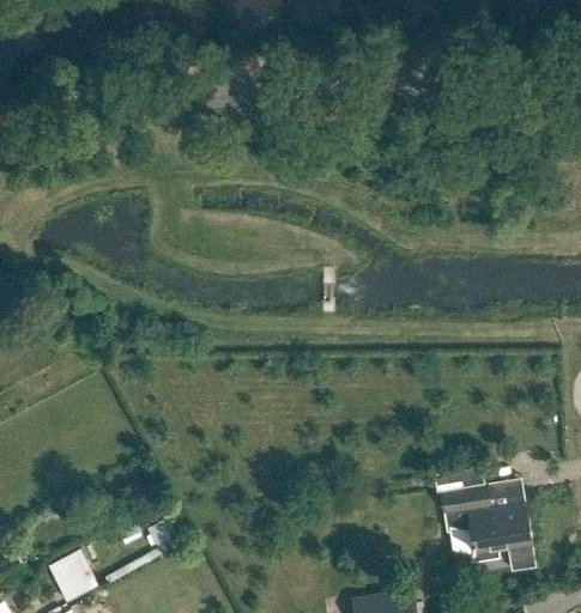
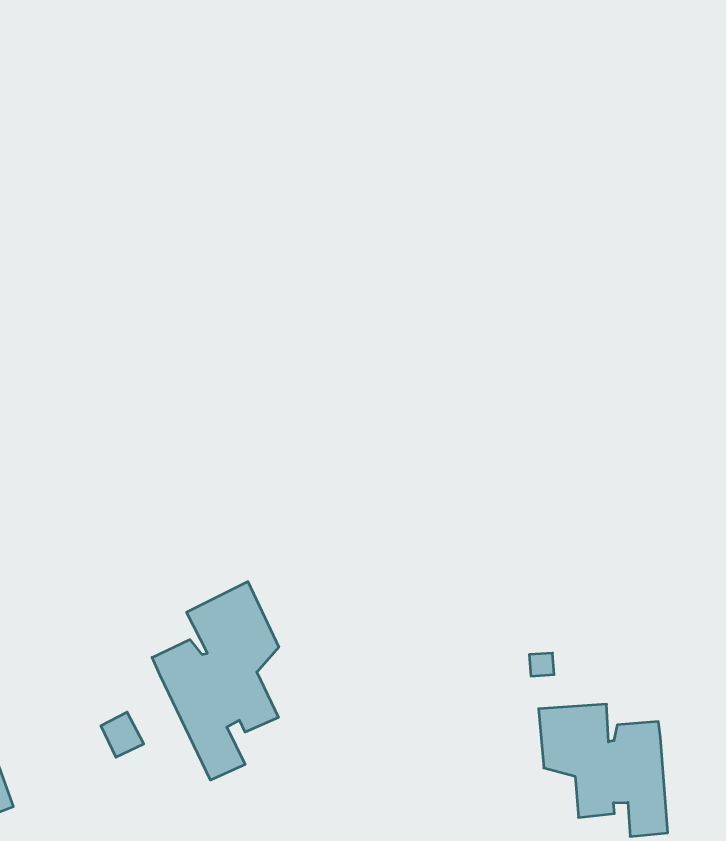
building: none -> [152,582,279,780]

